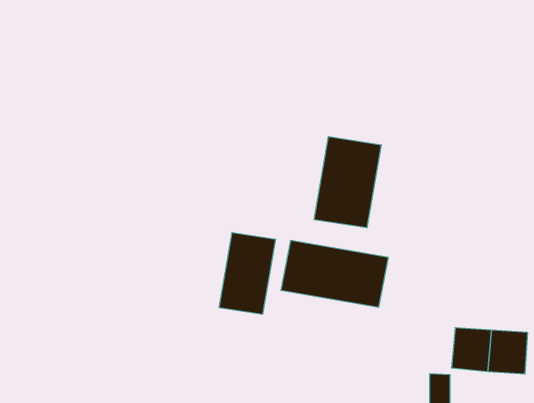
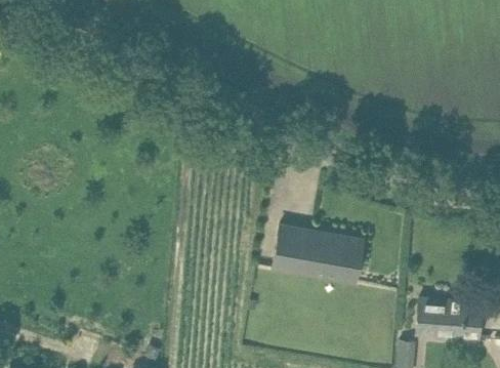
building: [314,137,381,228] -> none
building: [219,232,276,314] -> none

